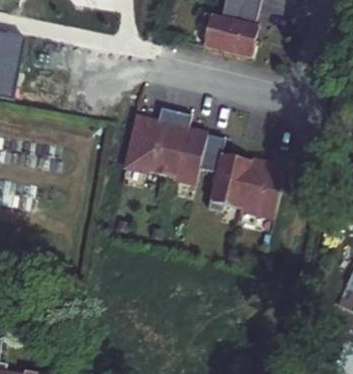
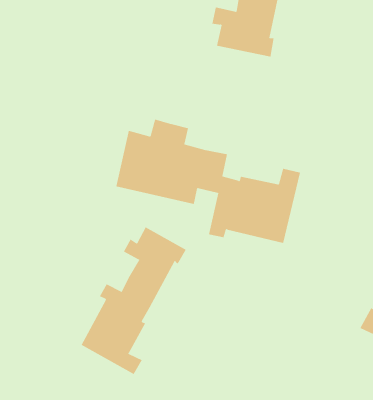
building: none -> [81,227,186,375]

